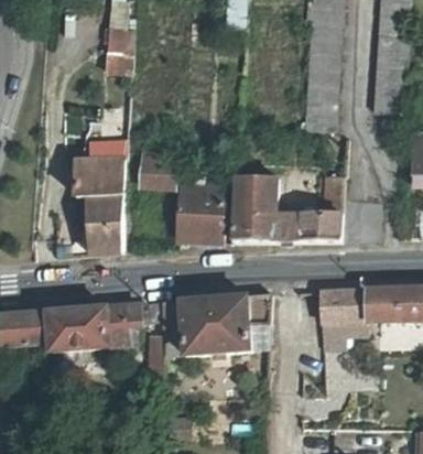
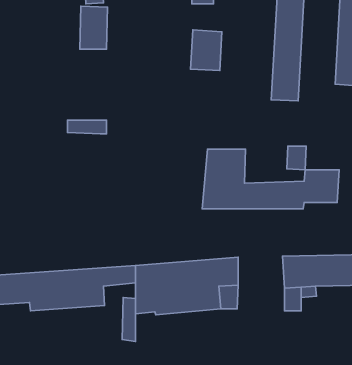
building: none -> [191,30,222,71]
building: [140,148,177,190] -> none
building: [80,163,123,251] -> none
building: [177,187,226,240] -> none

